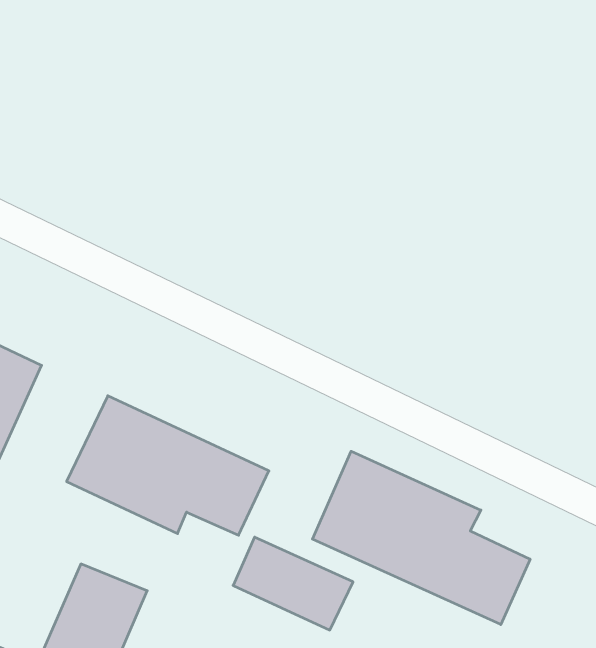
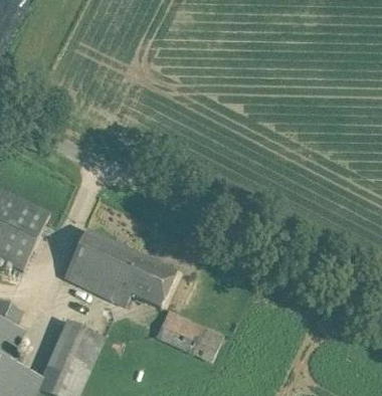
building: [312,451,530,625] -> none

